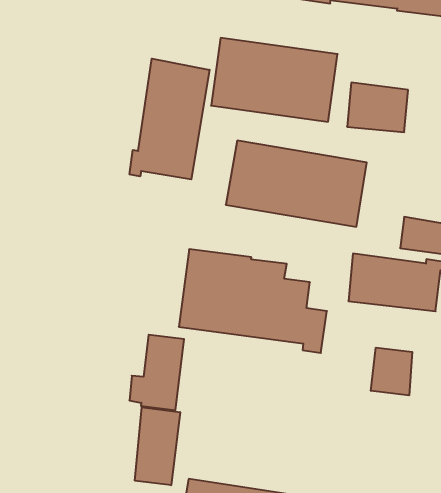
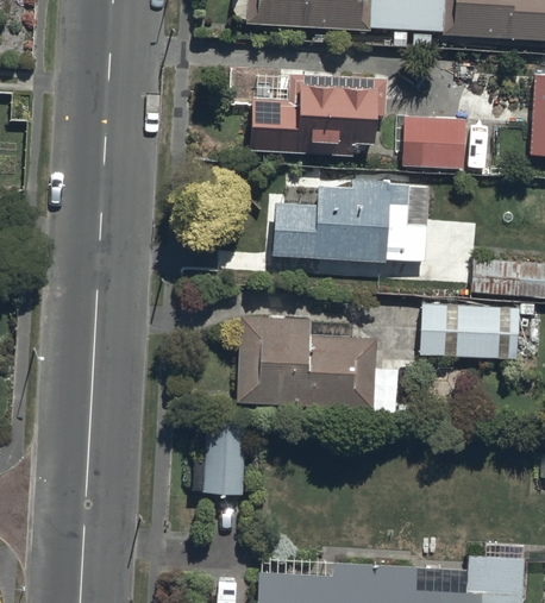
building: [130,59,210,179] -> none
building: [371,348,412,395] -> none
building: [135,407,180,485] -> none

